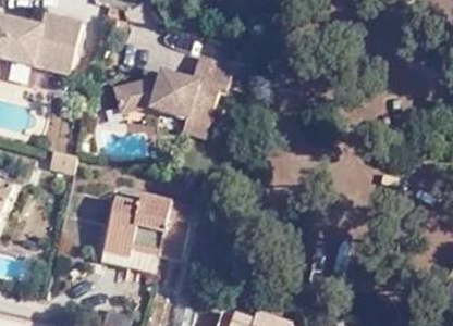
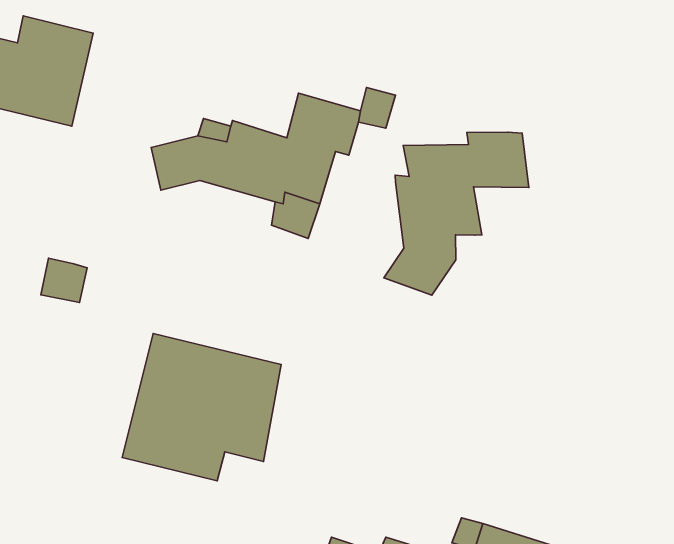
building: none -> [384,132,529,295]

